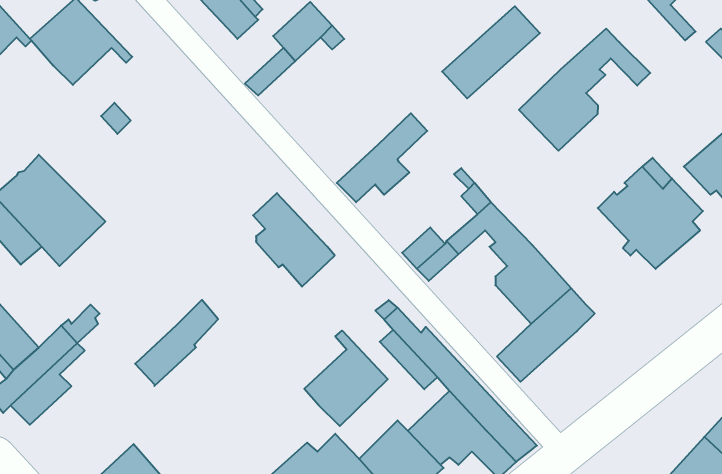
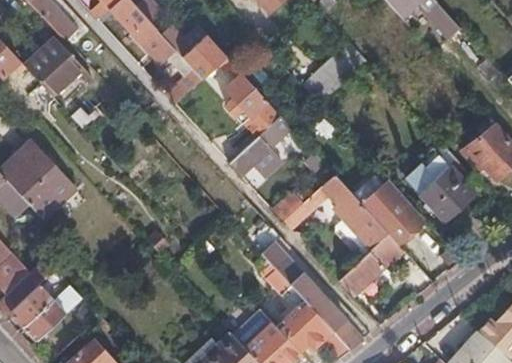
building: [519,29,650,151] -> none
building: [253,193,335,287] -> [226,73,281,136]
building: none -> [363,180,422,244]
building: [135,300,218,386] -> [24,282,80,340]
building: [304,331,388,426] -> none

